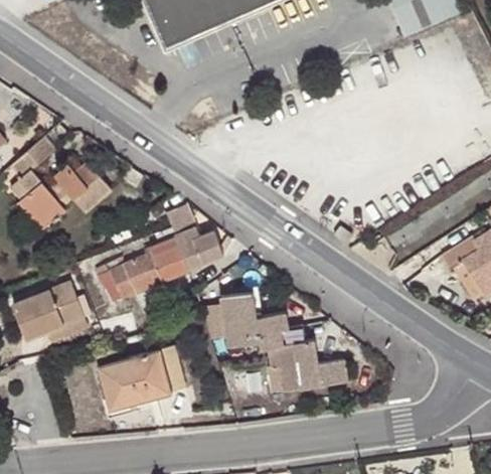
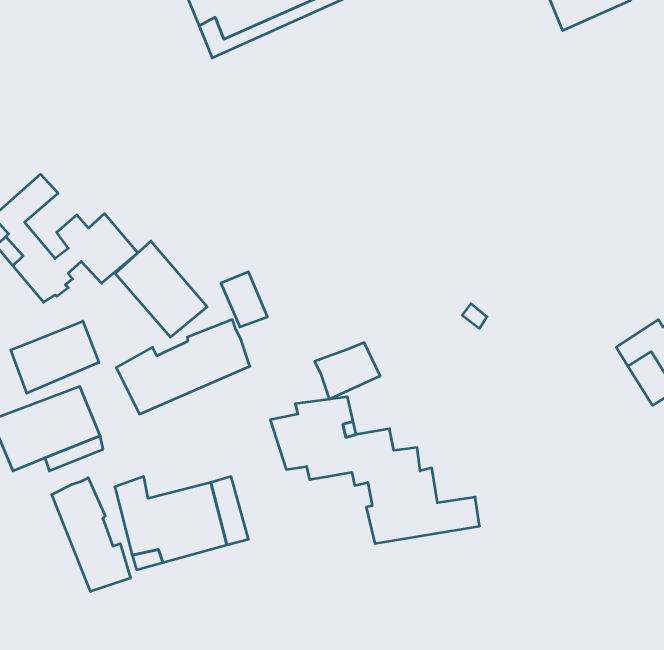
building: none -> [115,241,207,337]
building: [178,229,223,269] -> [315,343,380,399]
building: none -> [11,321,99,393]
building: none -> [52,478,130,592]

